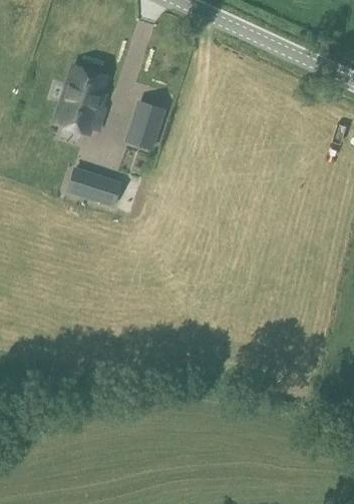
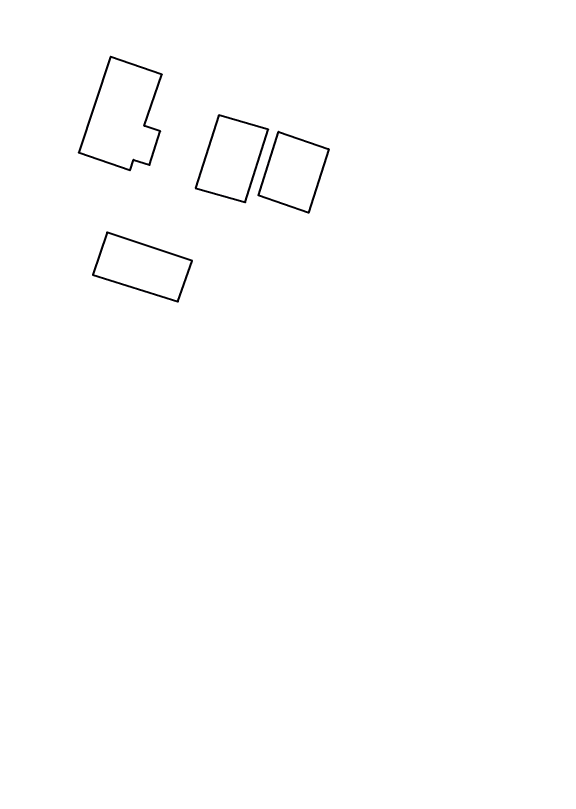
building: none -> [258,132,329,213]

